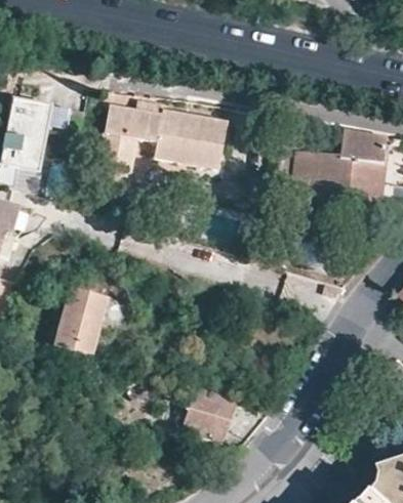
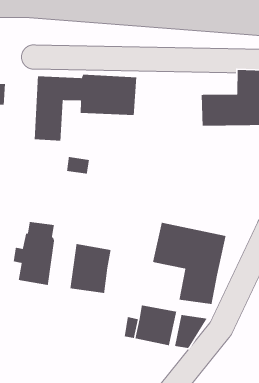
building: none -> [152,222,227,305]
building: none -> [69,243,111,294]

